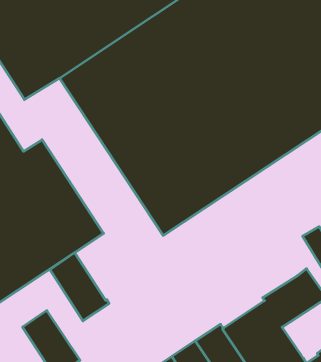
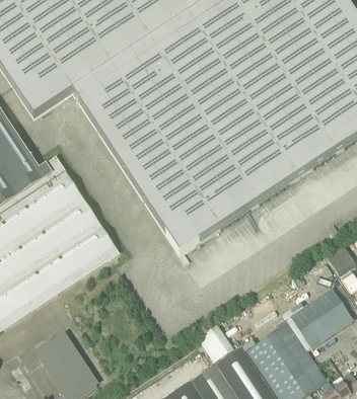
building: [50,253,109,321] -> none

